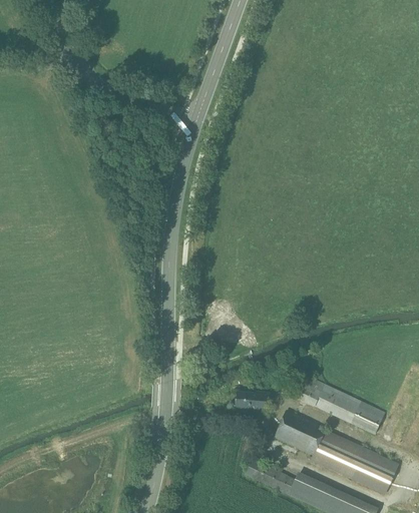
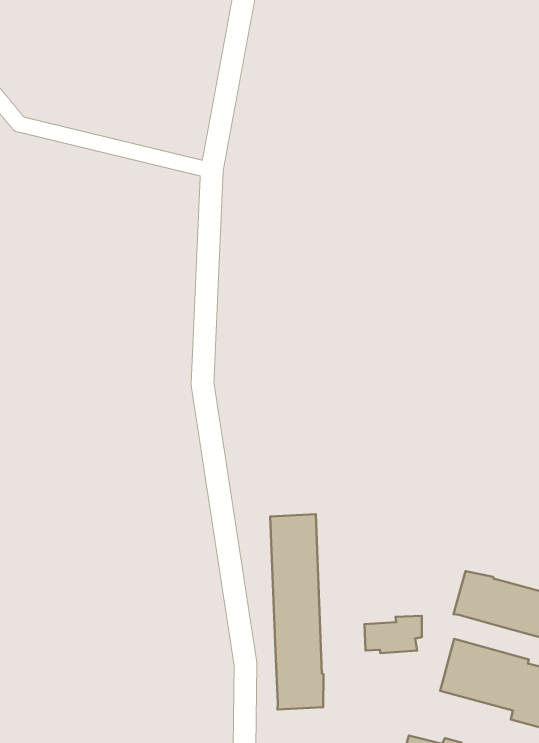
building: none -> [270,514,324,709]

